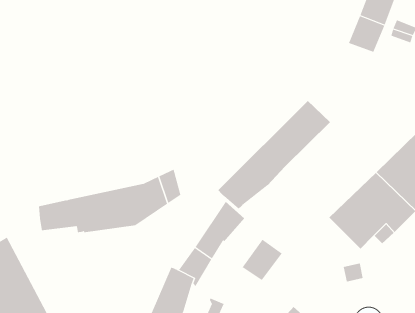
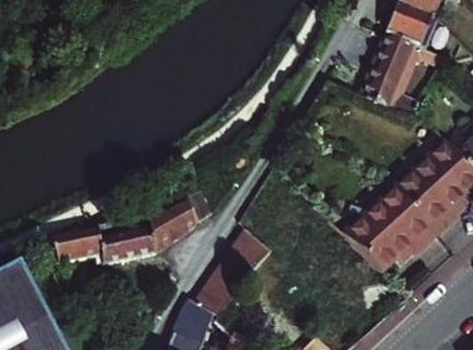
building: none -> [360,59,401,108]
building: [218,100,331,210] -> none
building: [242,239,282,281] -> none

